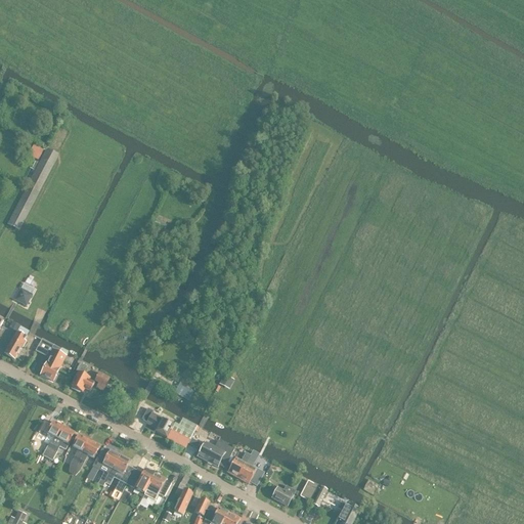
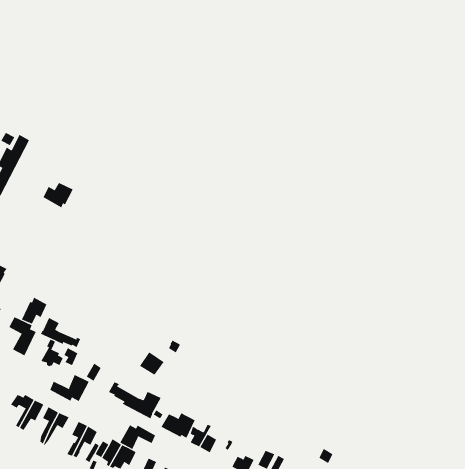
building: none -> [43,182,73,208]
building: none -> [21,297,47,324]
building: none -> [40,317,81,348]
building: none -> [49,374,89,402]
building: none -> [119,425,156,450]

